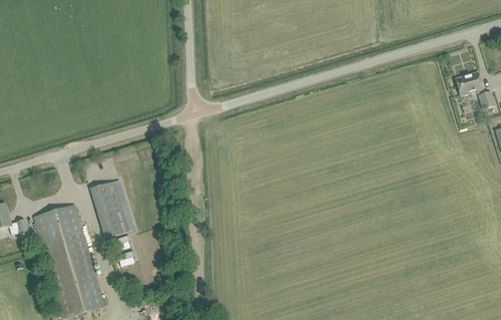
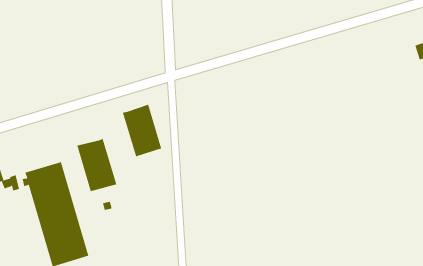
building: none -> [122,104,162,157]

